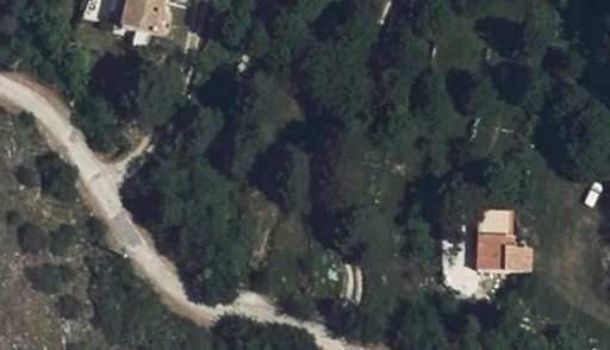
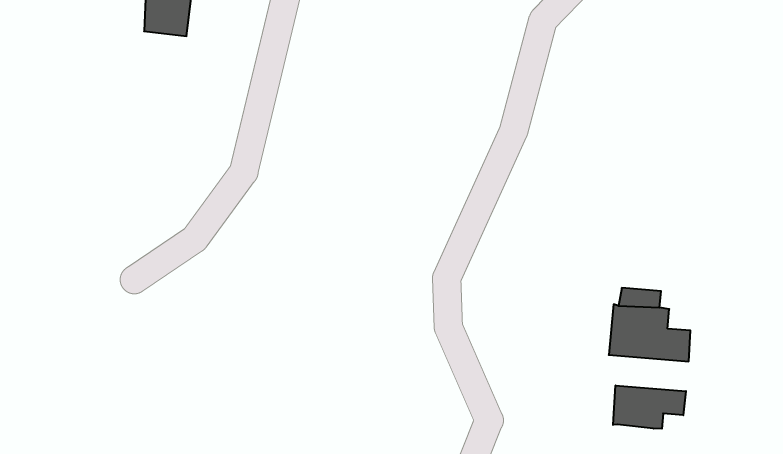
building: none -> [613,385,686,429]

